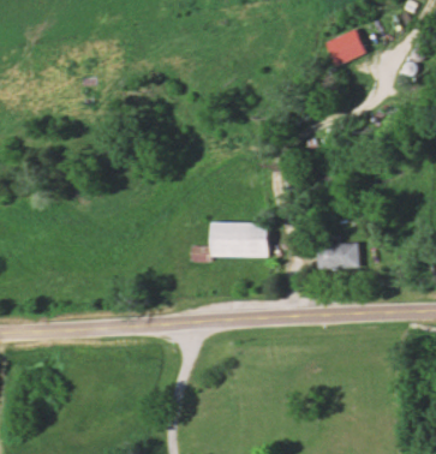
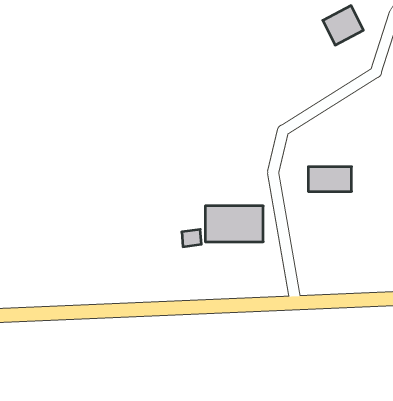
building: [316,244,358,268] -> [308,167,352,191]

